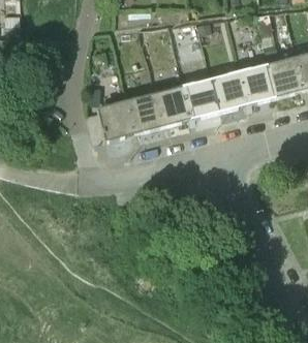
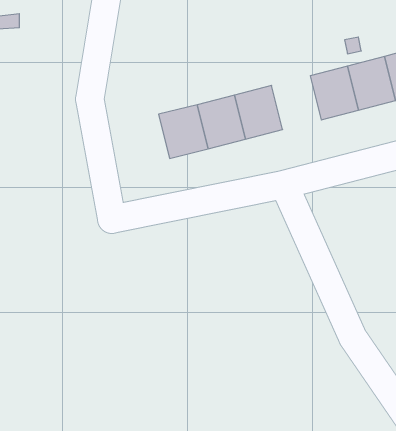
building: [212,71,249,112] -> none
building: [99,100,135,141] -> none

